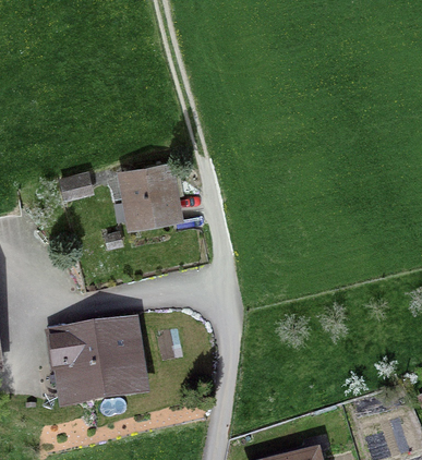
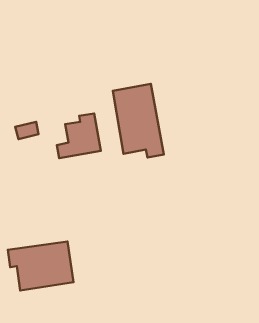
building: none -> [113,84,164,157]

